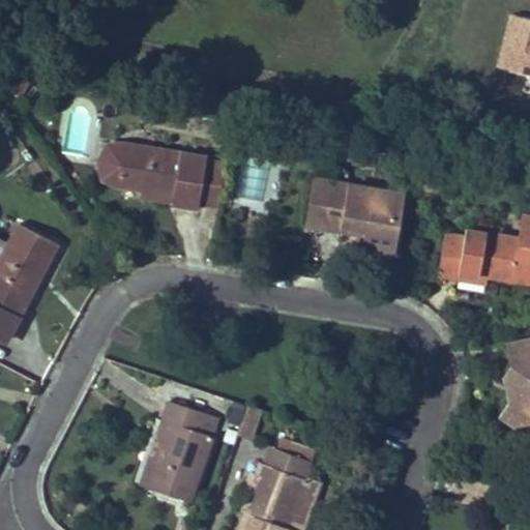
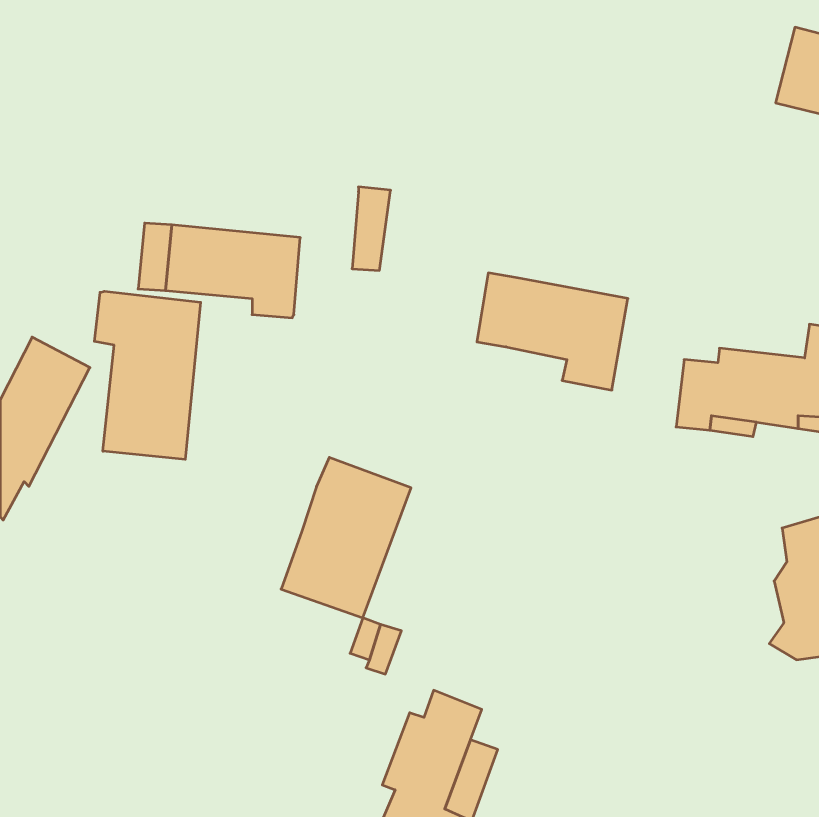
building: [190,152,215,206] -> [352,187,391,270]
building: none -> [94,291,201,459]
building: [137,400,220,503] -> [281,457,411,618]

